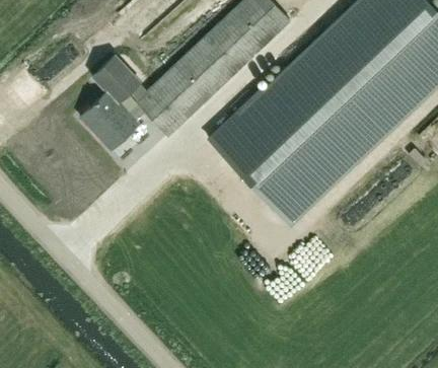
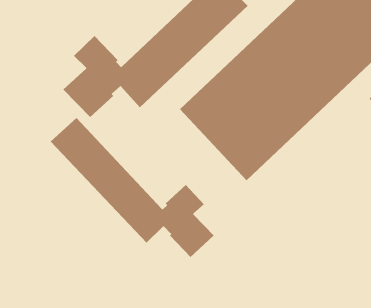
building: none -> [50,117,215,258]

